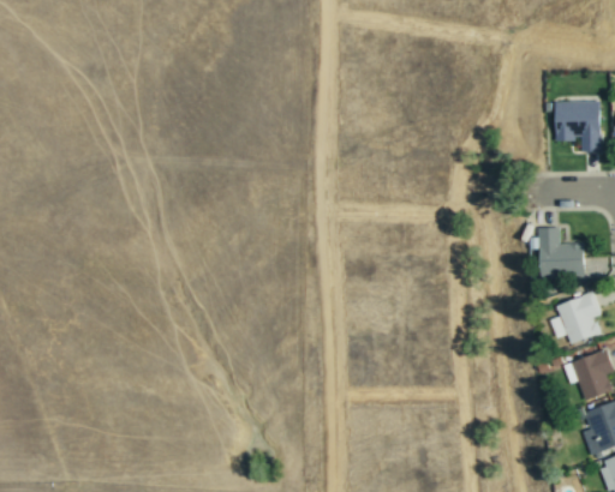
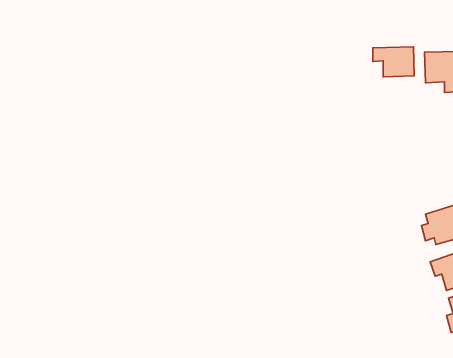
building: none -> [373,47,414,77]
building: [541,227,585,276] -> none

